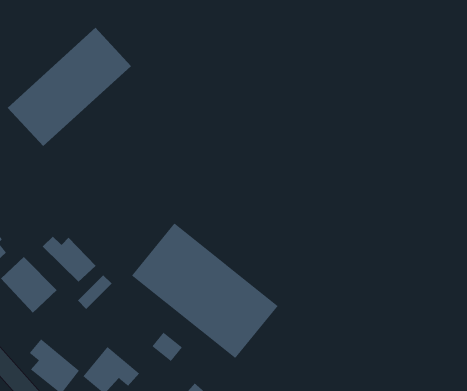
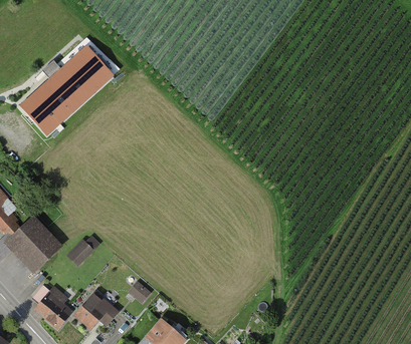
building: [131,223,278,359] -> none
building: [42,236,97,283] -> none

